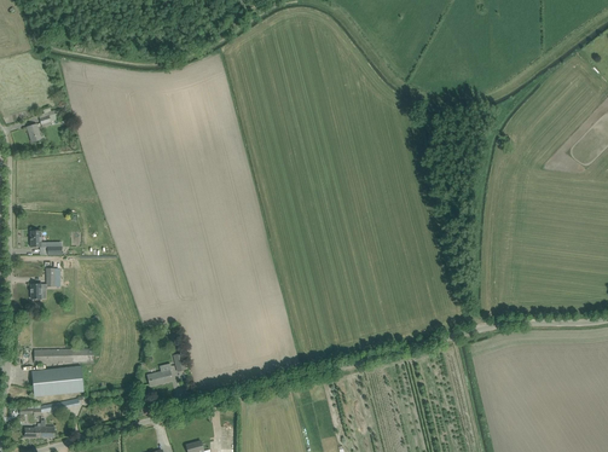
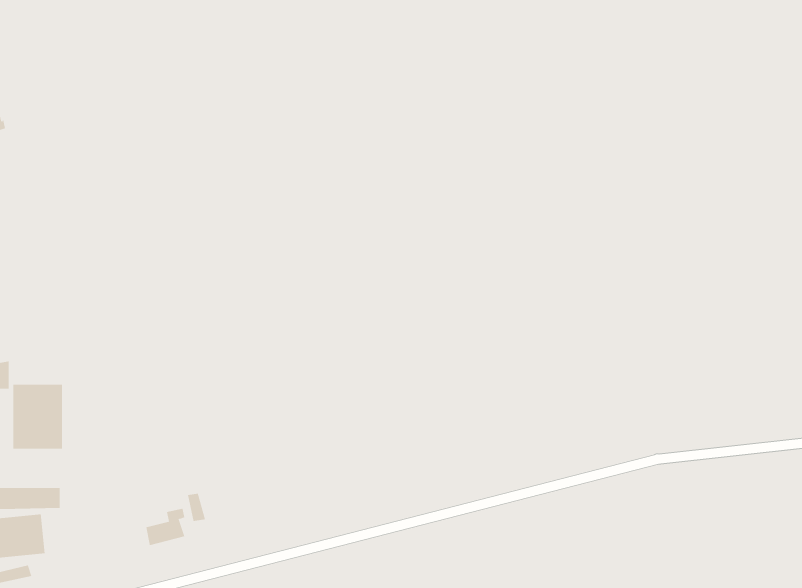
building: none -> [13,384,63,450]

